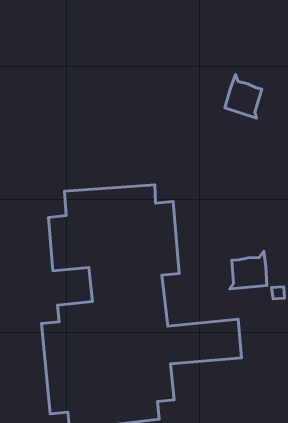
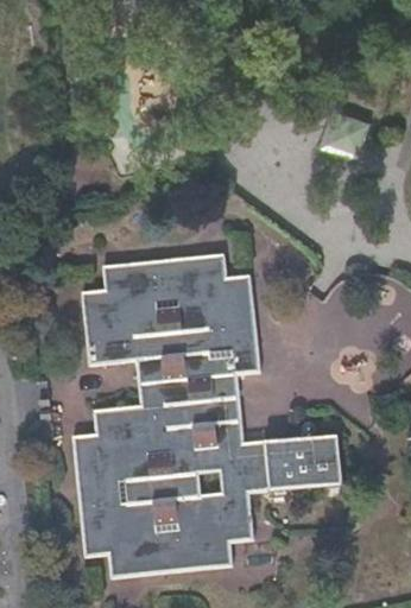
building: [230,251,267,289] -> none

